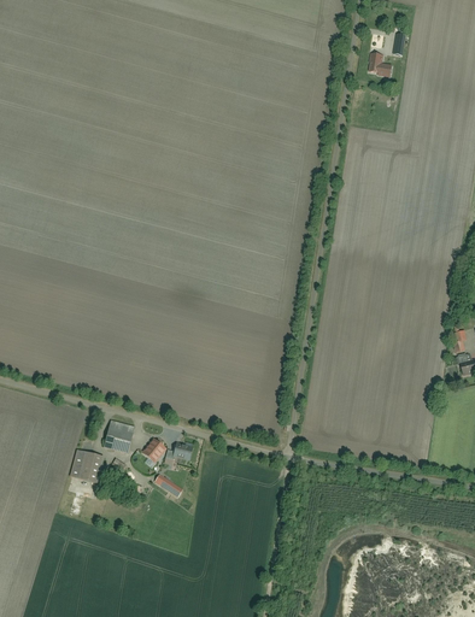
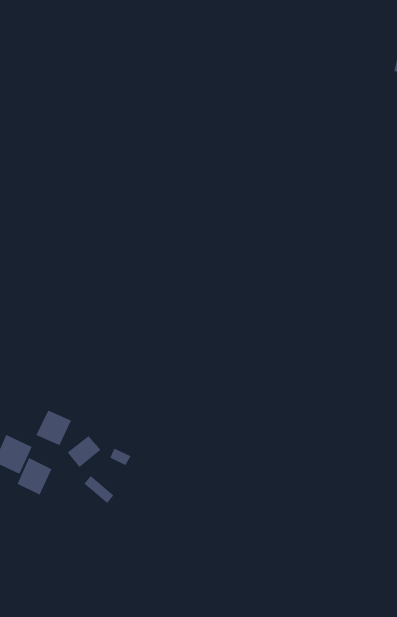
building: none -> [17,457,52,496]

